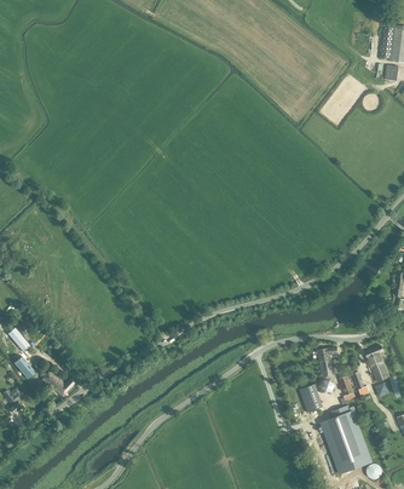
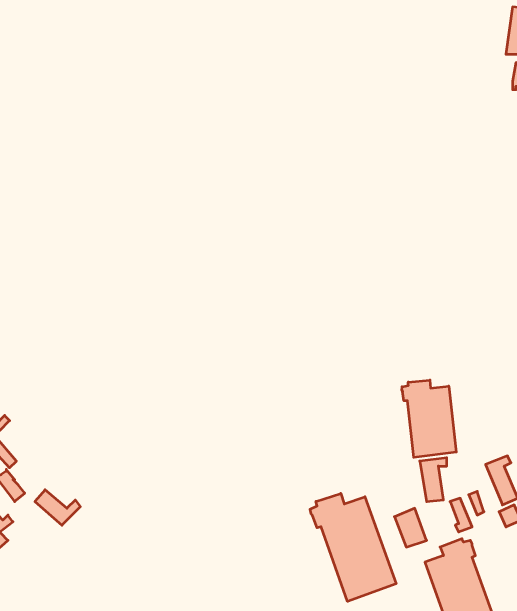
building: none -> [402,380,456,457]
building: none -> [310,493,396,601]

